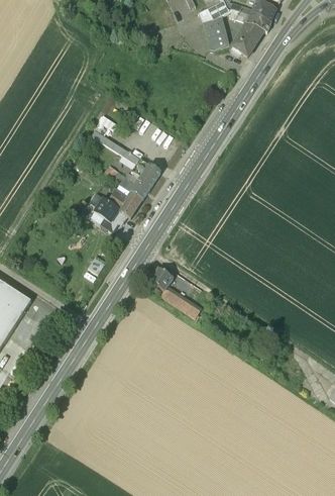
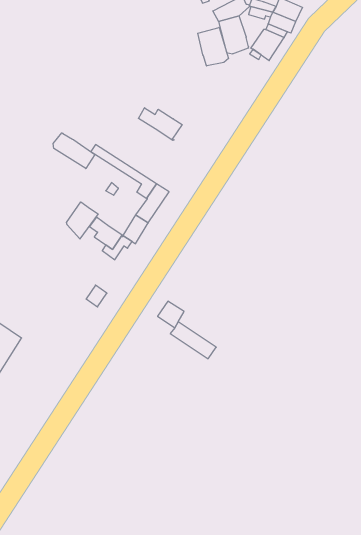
building: none -> [198,27,228,66]
building: none -> [138,108,182,140]
building: none -> [53,133,95,169]
building: none -> [66,202,98,239]

